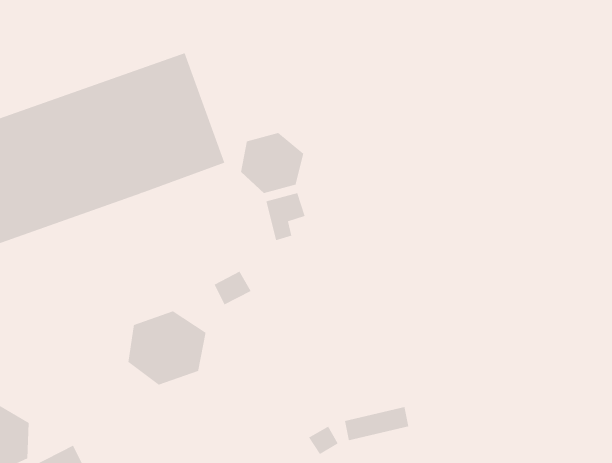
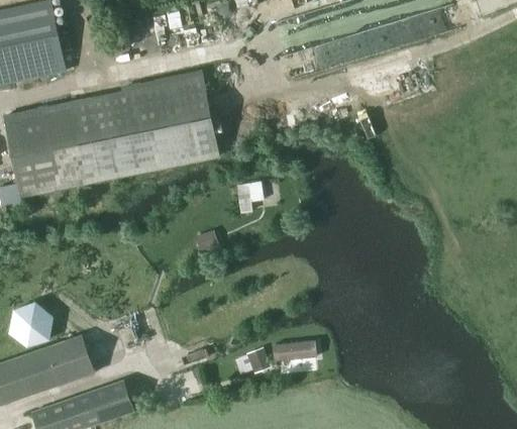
building: [240,132,304,194] -> none
building: [128,310,206,385] -> none

